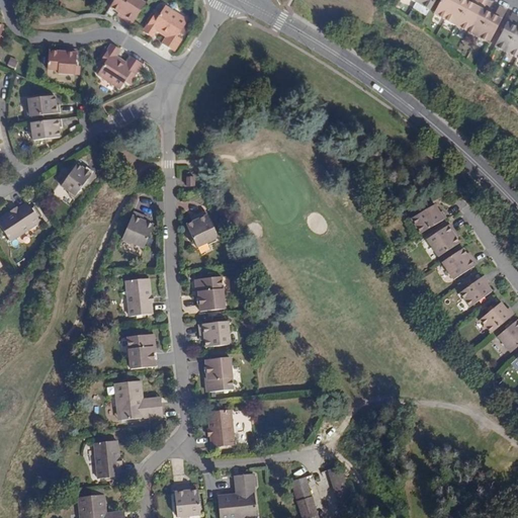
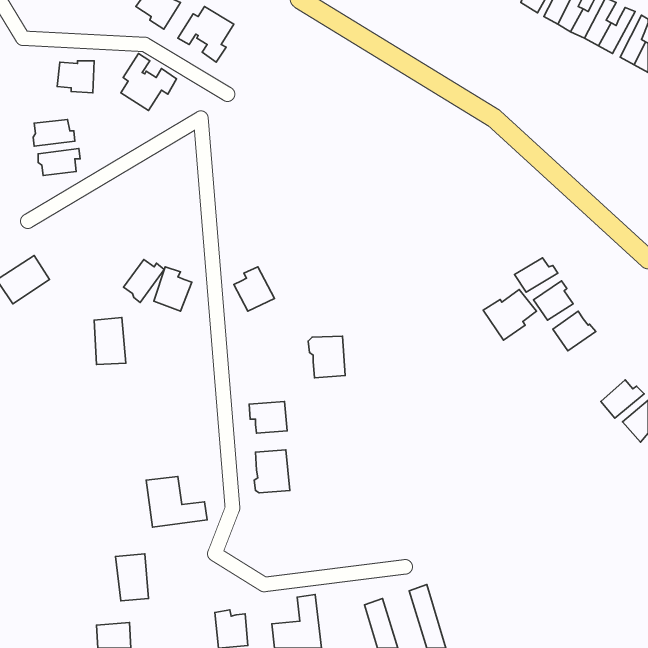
building: [62,166,94,200] -> [124,259,164,303]
building: none -> [483,289,536,340]
building: [458,275,490,307] -> none
building: [126,277,152,315] -> [94,318,126,365]
building: [194,278,224,312] -> [308,336,345,378]
building: [127,334,155,368] -> none
building: [206,409,233,447] -> none

